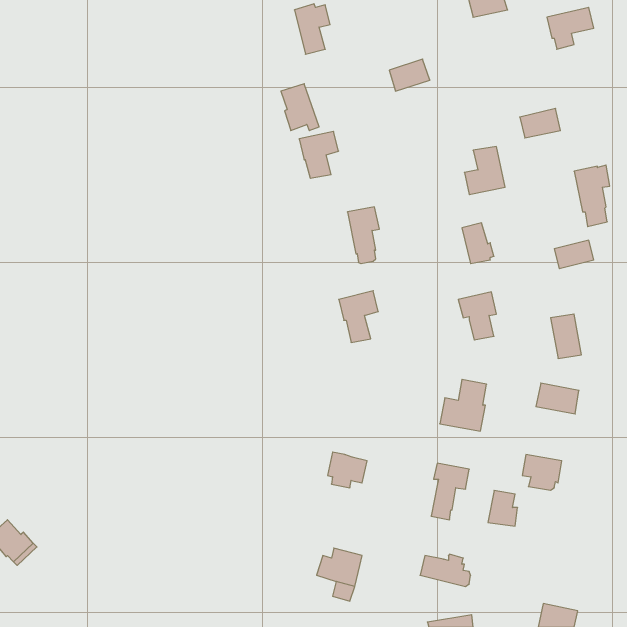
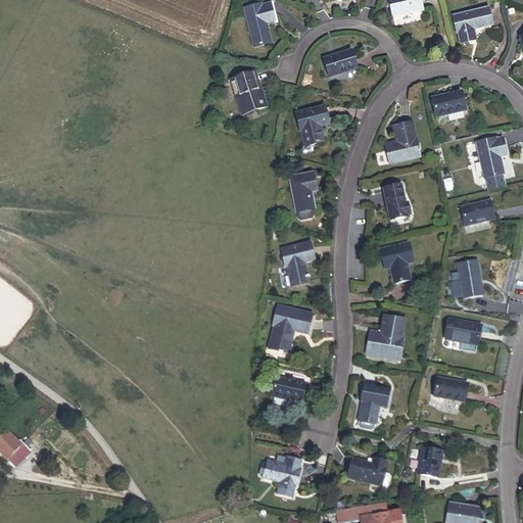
building: [299,131,339,178] -> [295,106,328,145]
building: none -> [269,304,313,351]
building: [488,490,518,526] -> [416,445,440,475]

